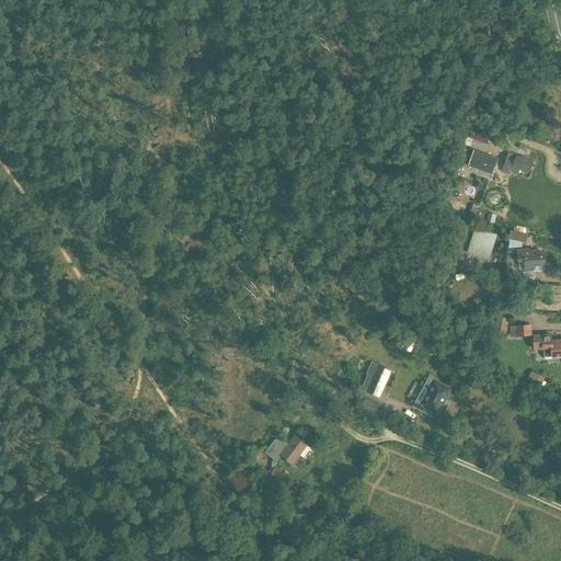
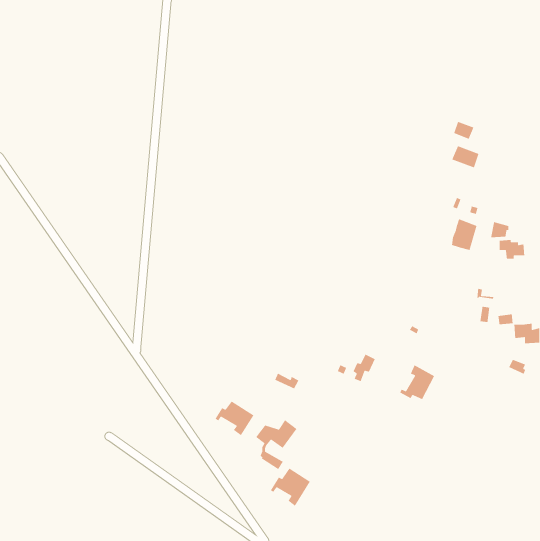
building: [501,152,533,176] -> none
building: none -> [215,400,254,436]
building: none -> [270,468,311,507]

